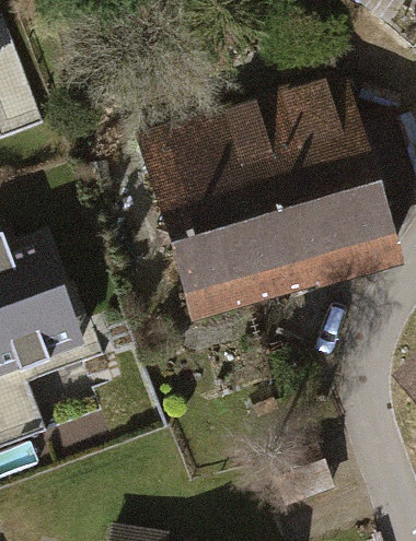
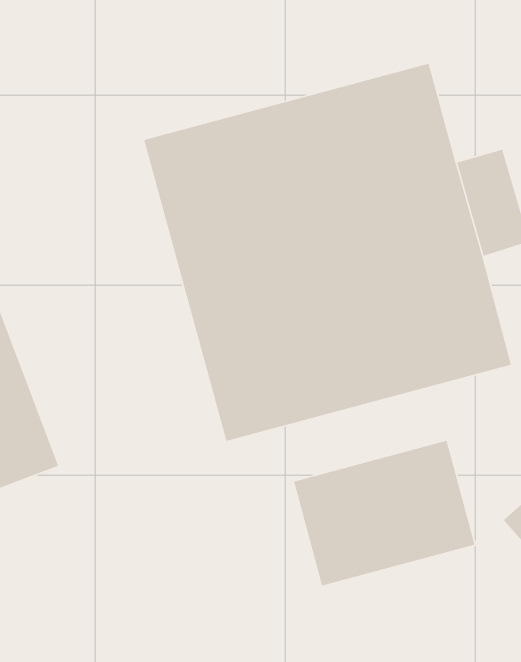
building: none -> [293,440,475,587]

